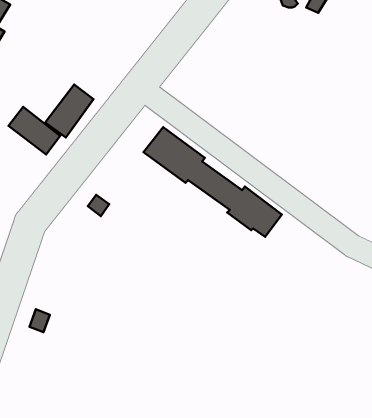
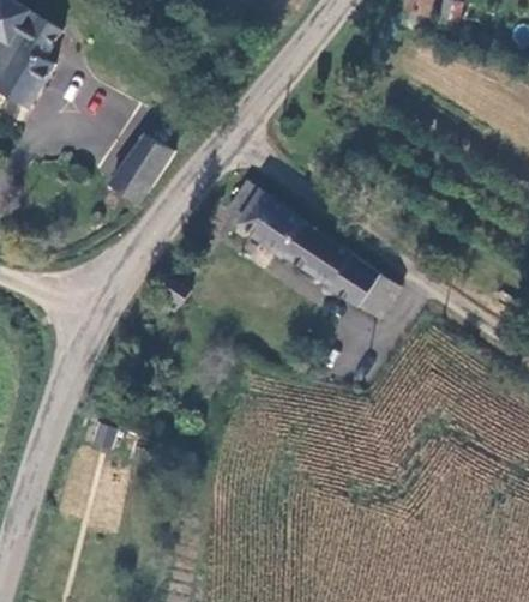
building: [8,107,60,154] -> none

